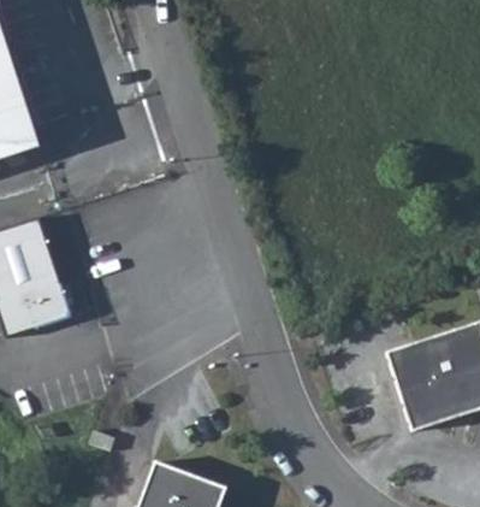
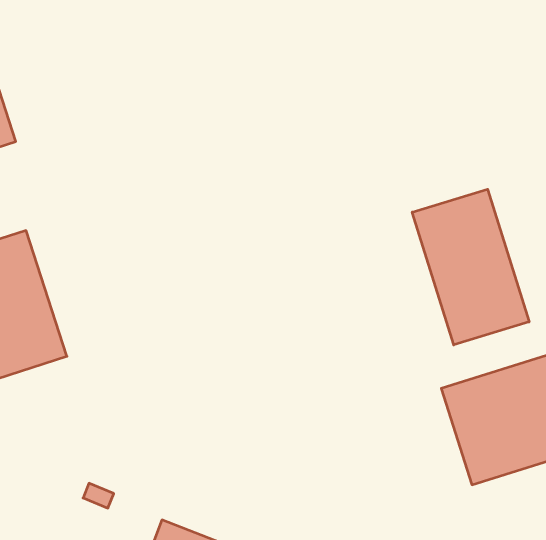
building: none -> [412,189,529,345]

